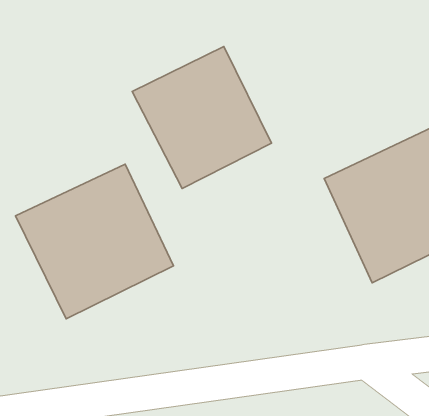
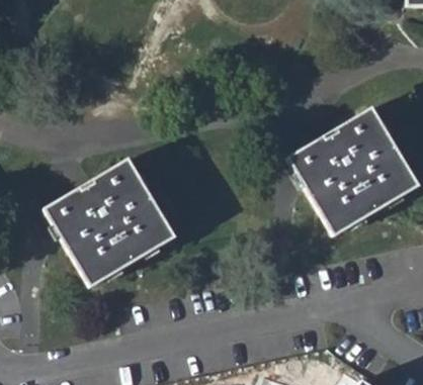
building: [132,46,271,189] -> none

